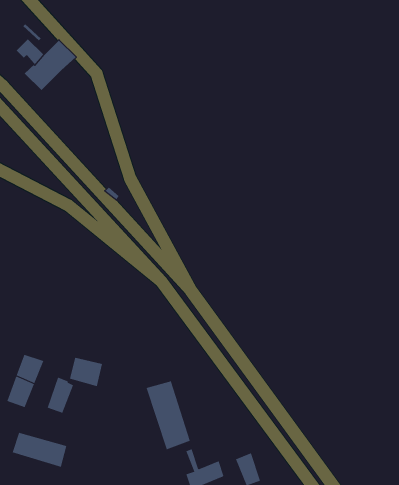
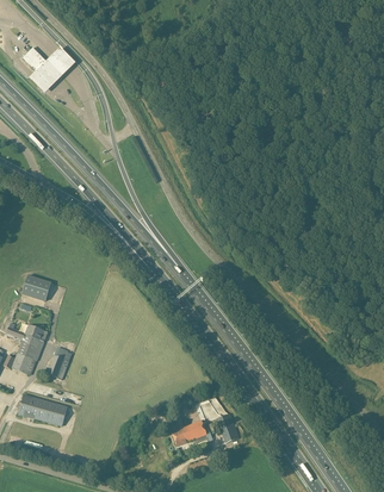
building: [69,357,103,387] -> [23,274,52,300]
building: [146,380,190,450] -> none

